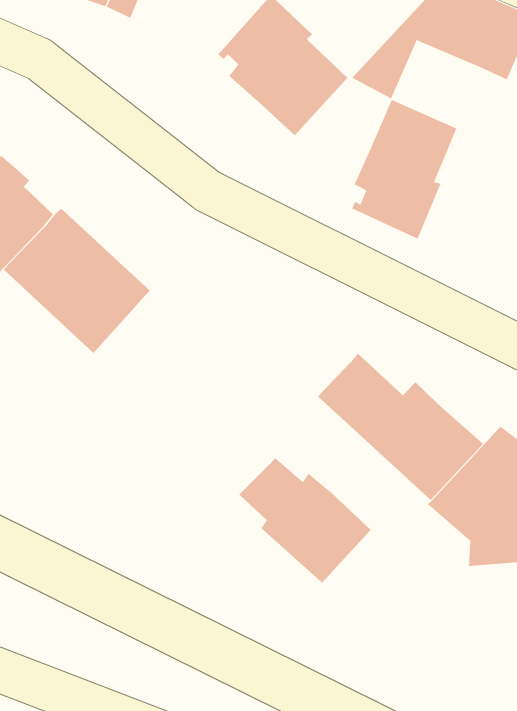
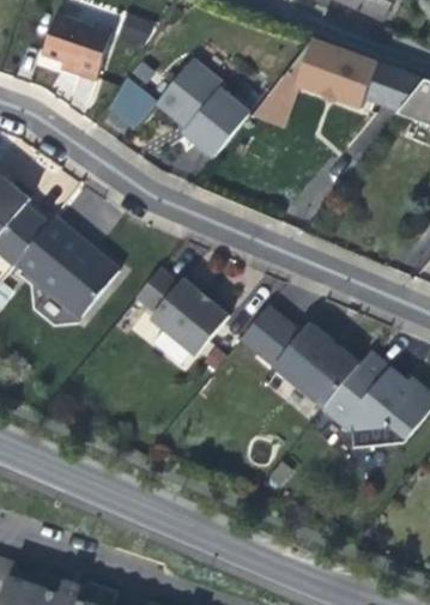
building: none -> [102,77,157,132]
building: [351,99,457,239] -> none
building: [238,457,372,583] -> [135,268,230,355]

